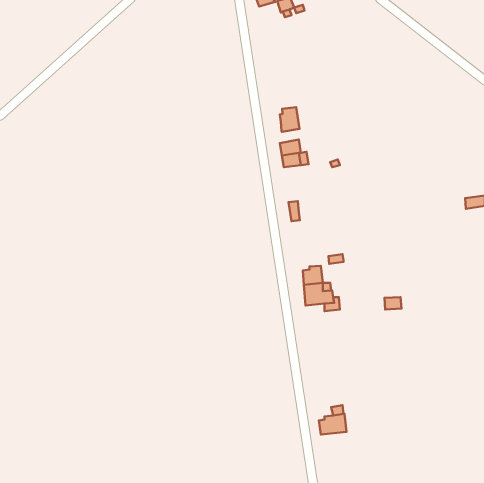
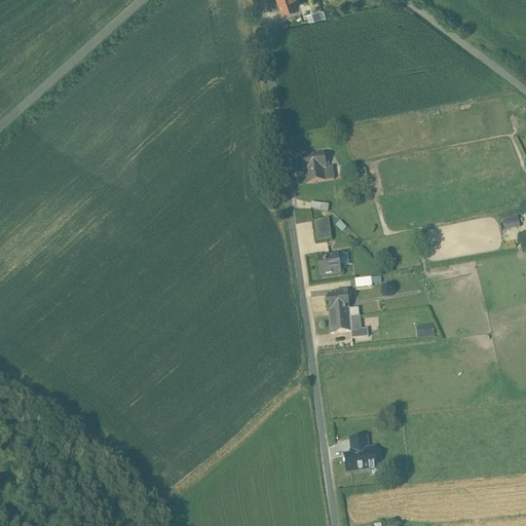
building: [280,107,300,132] -> none
building: none -> [318,253,341,274]

